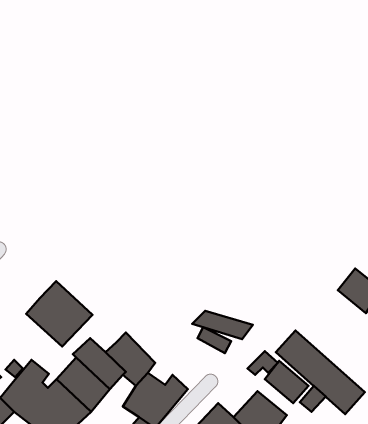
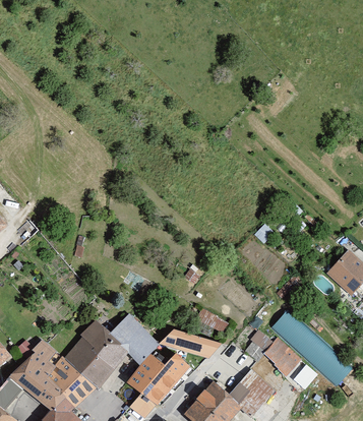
building: [26,281,92,347] -> none
building: [192,311,253,339] -> [160,330,217,357]

